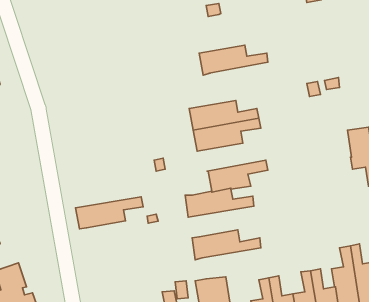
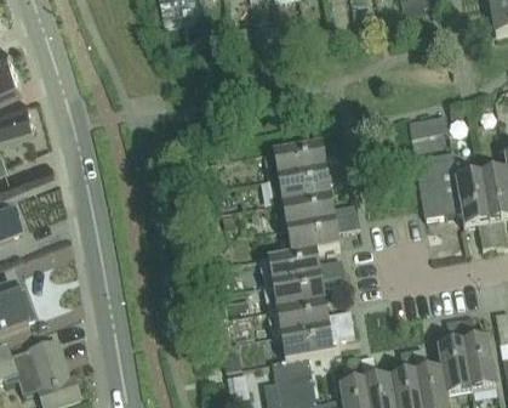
building: [199,45,268,75] -> [274,192,358,228]
building: none -> [415,149,462,215]
building: [76,197,143,229] -> [263,268,346,307]
building: none -> [280,319,354,357]

